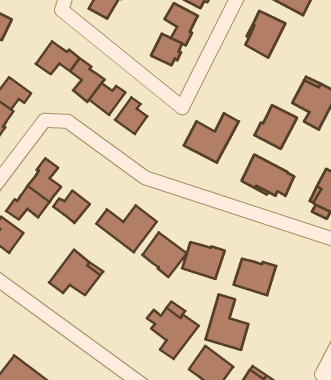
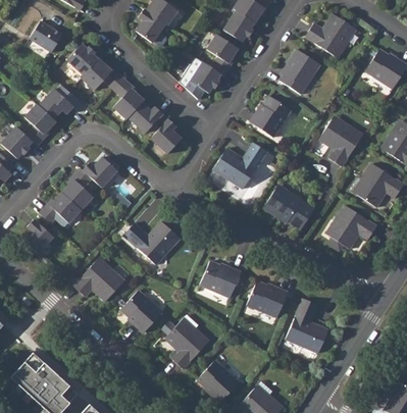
building: none -> [66,44,98,75]
building: [254,105,297,149] -> [249,96,291,138]
building: [53,191,90,223] -> [83,157,117,188]
building: [142,232,187,277] -> [120,291,162,333]
building: [205,295,248,350] -> [286,299,327,353]

